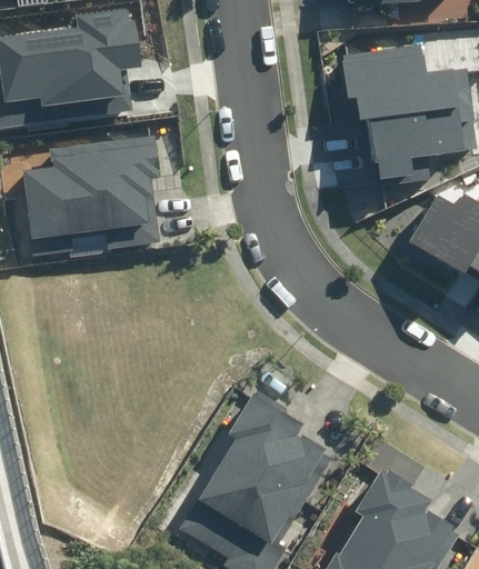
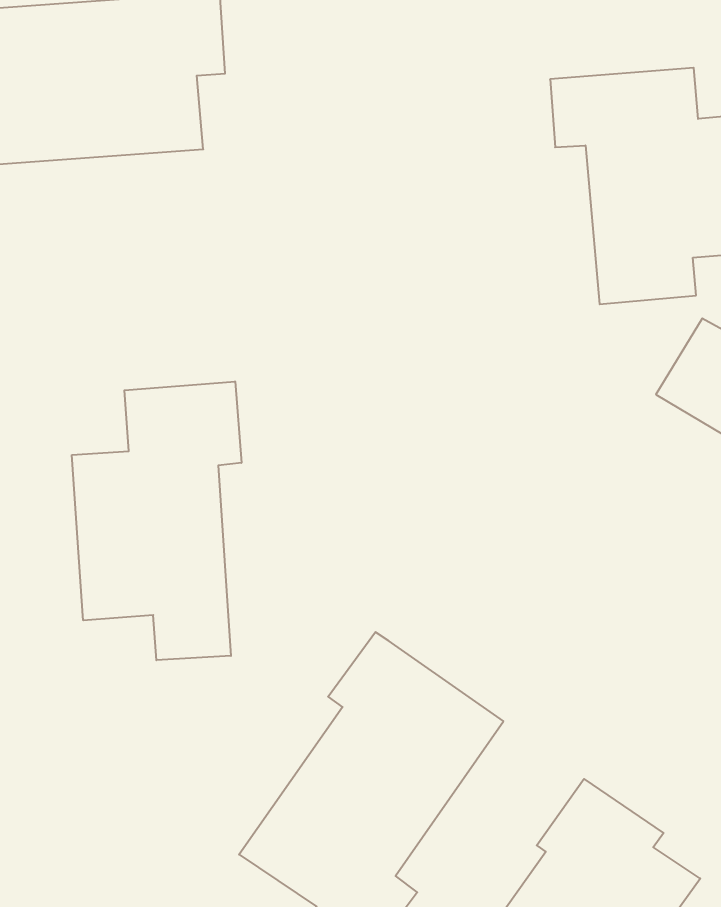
building: [24,133,161,260] -> none
building: none -> [72,381,241,660]

